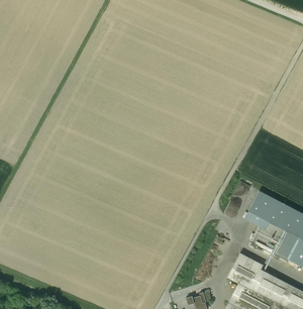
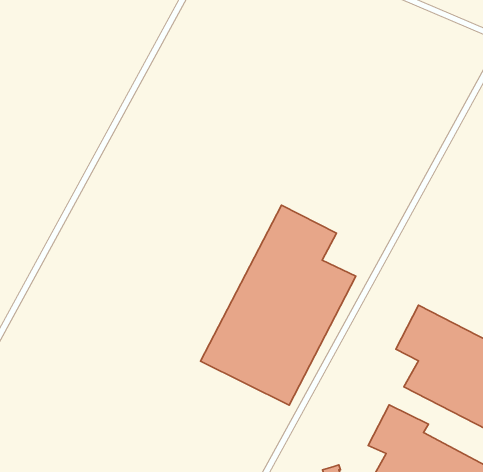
building: none -> [201,205,356,405]

